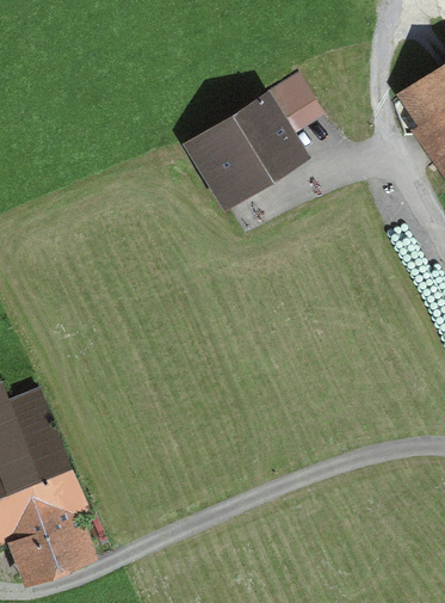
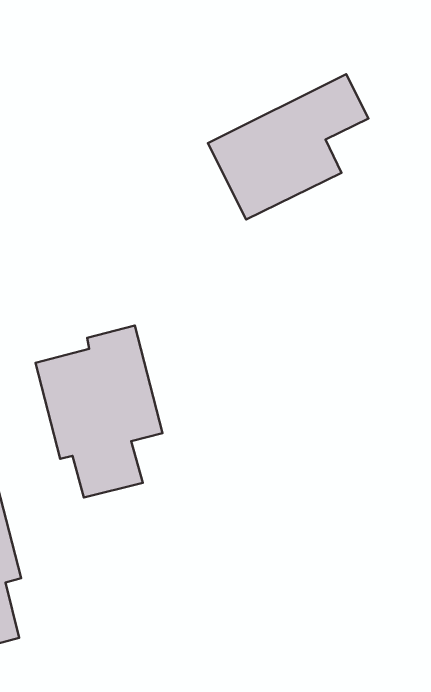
building: none -> [35,325,162,498]

